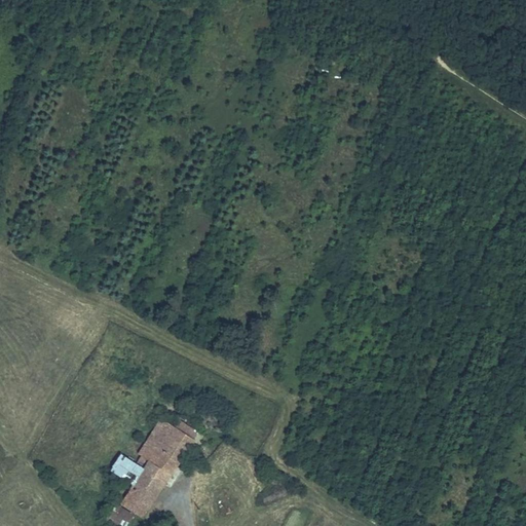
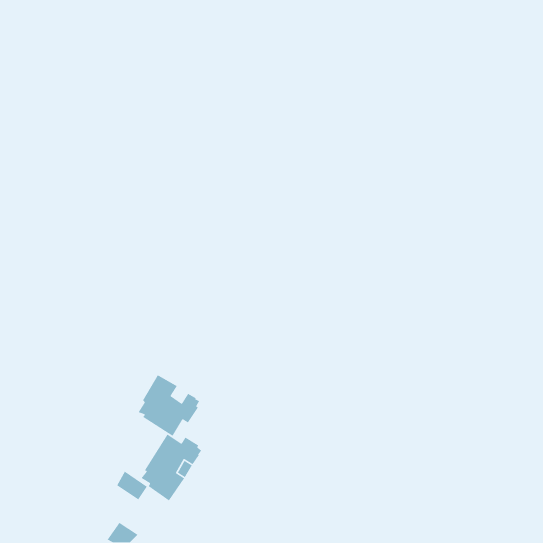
building: none -> [137,374,200,437]
building: [121,469,163,516] -> none

